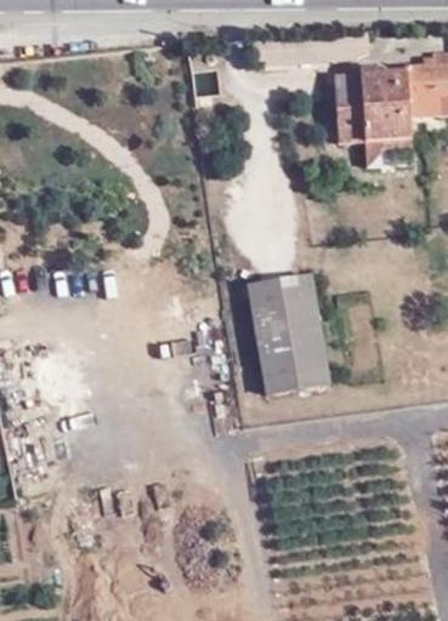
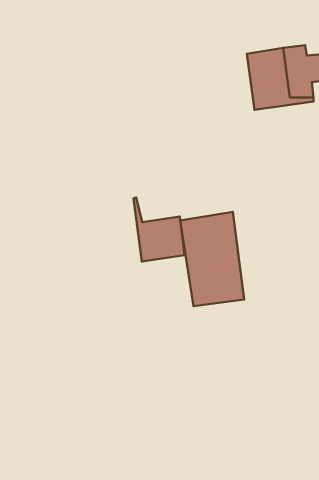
building: none -> [133,197,185,261]

